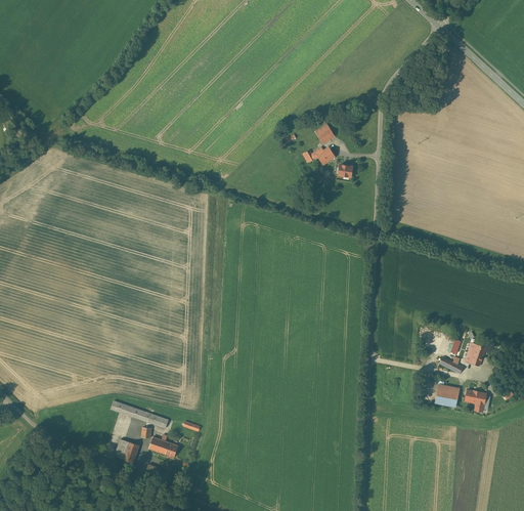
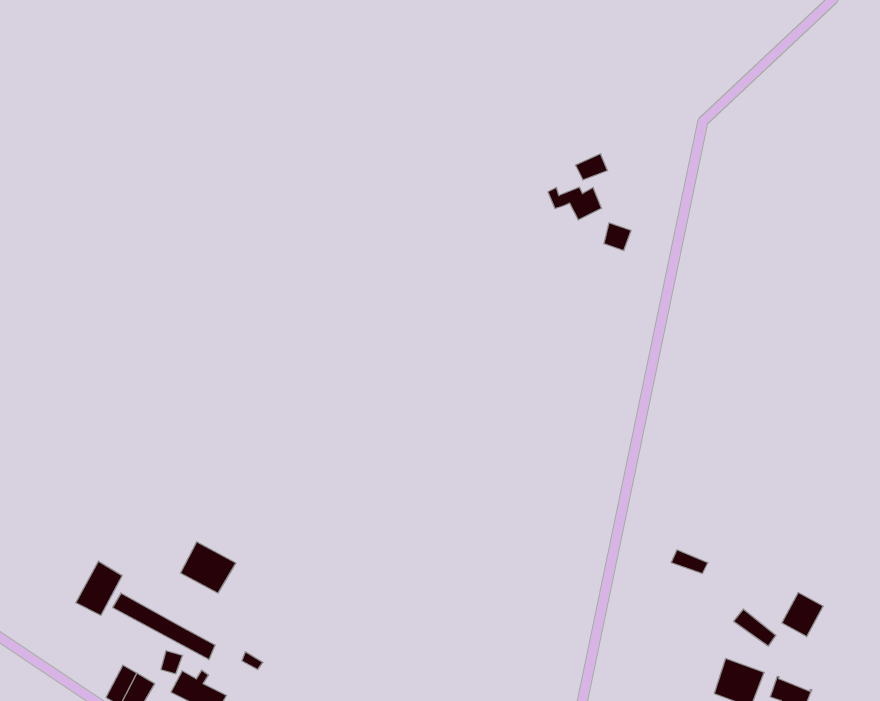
building: none -> [181,542,236,593]
building: none -> [76,561,122,615]

